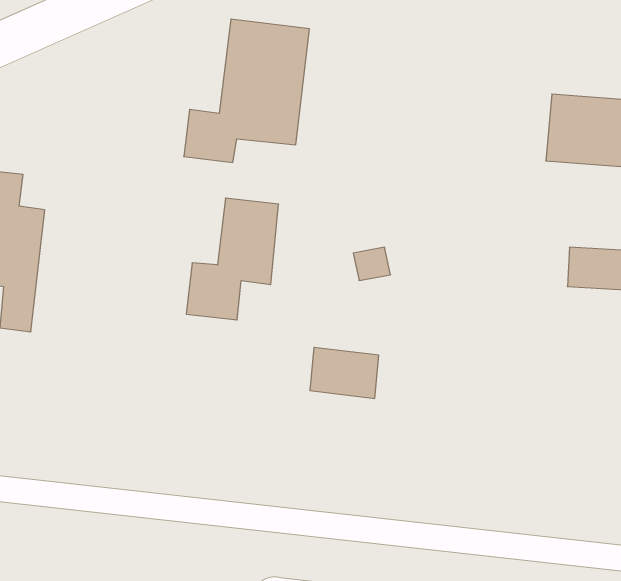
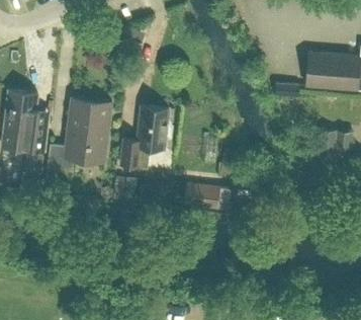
building: [184,19,309,162] -> [47,97,111,171]

